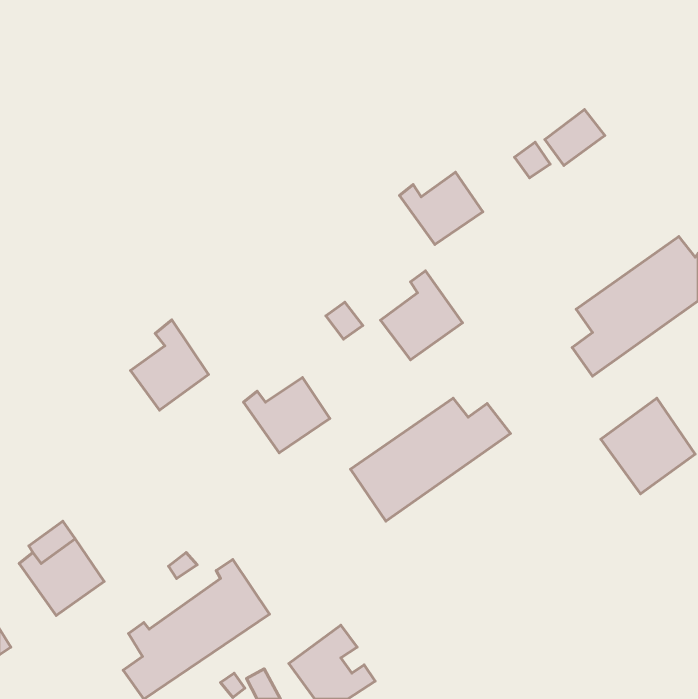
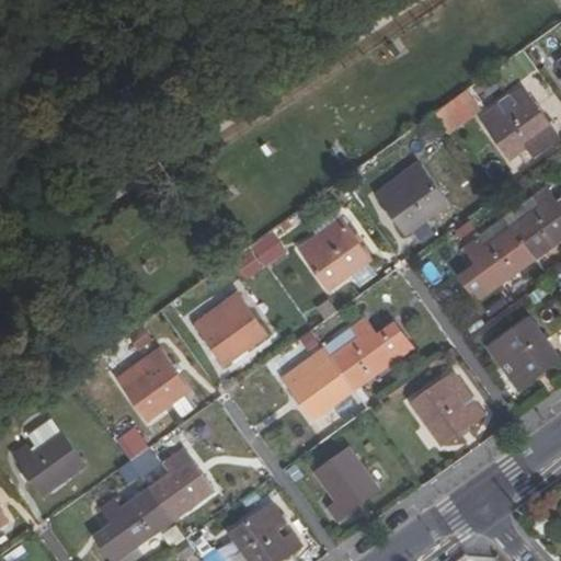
building: none -> [486,90,549,159]
building: [399,172,483,245] -> [376,176,443,234]
building: [131,320,209,410] -> [126,345,188,417]
building: none -> [410,381,482,445]
building: none -> [317,448,377,518]

